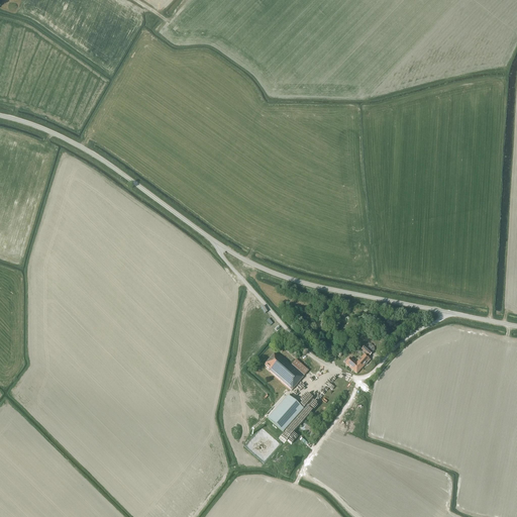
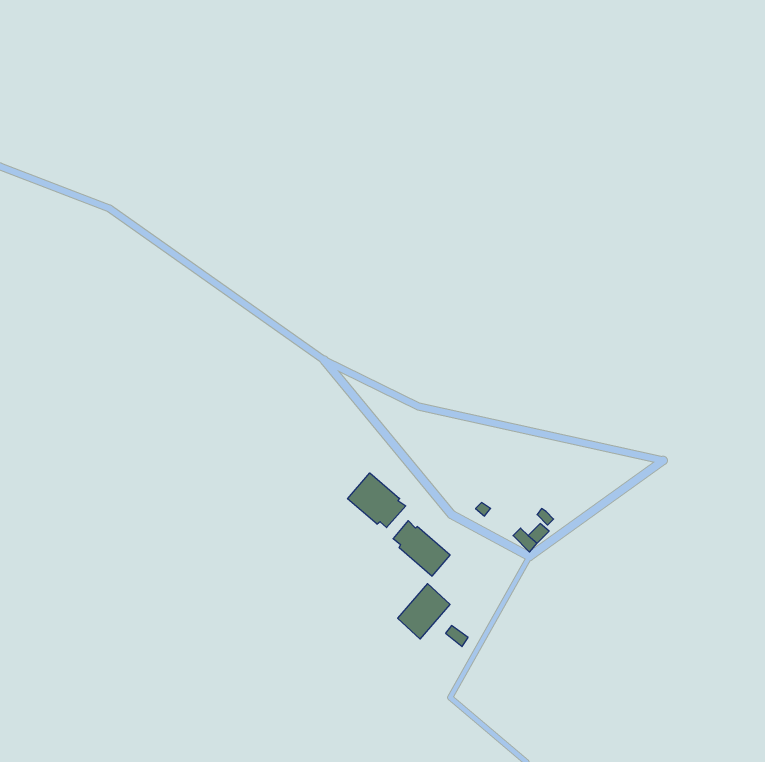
building: none -> [348,473,406,528]

